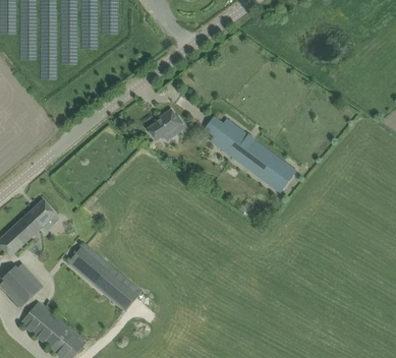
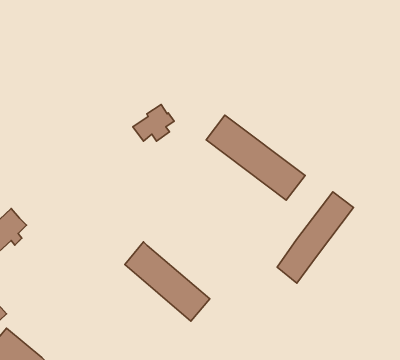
building: none -> [277,192,354,283]
building: [67,242,140,310] -> [125,242,210,321]

